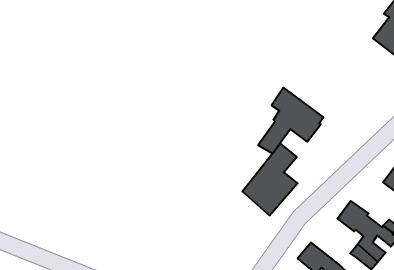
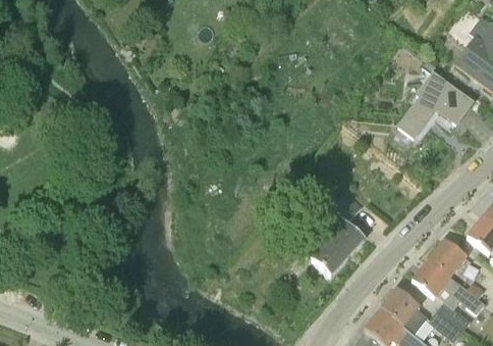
building: [258,88,323,154] -> [396,59,475,139]
building: none -> [428,239,464,275]
building: none -> [380,289,428,336]

